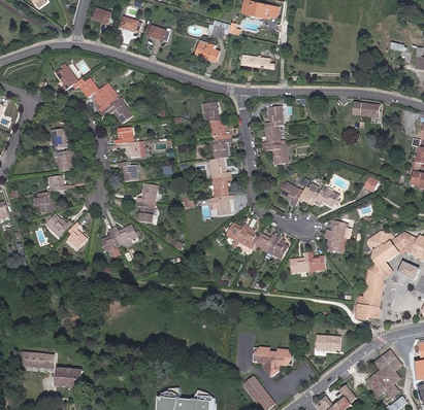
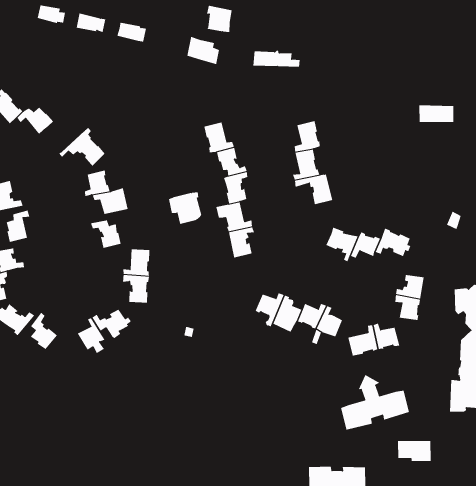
building: [94,82,119,111] -> none
building: [211,195,234,216] -> [168,192,202,225]
building: none -> [341,374,410,430]

